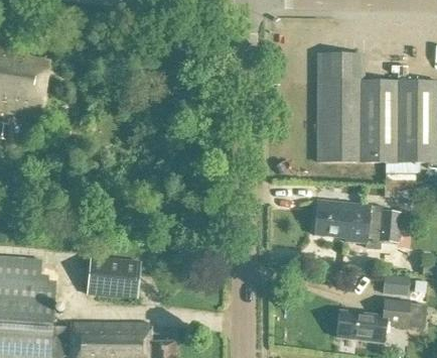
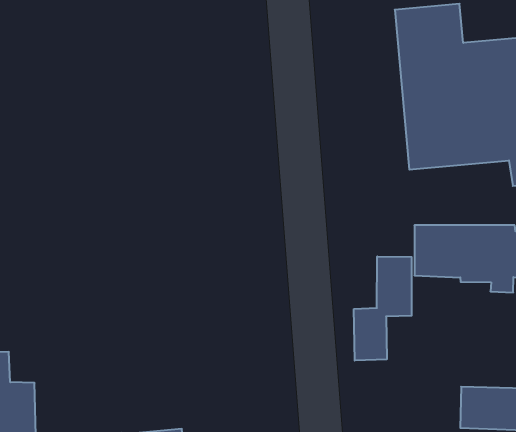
building: none -> [354,256,412,361]
building: [87,256,140,297] -> none

